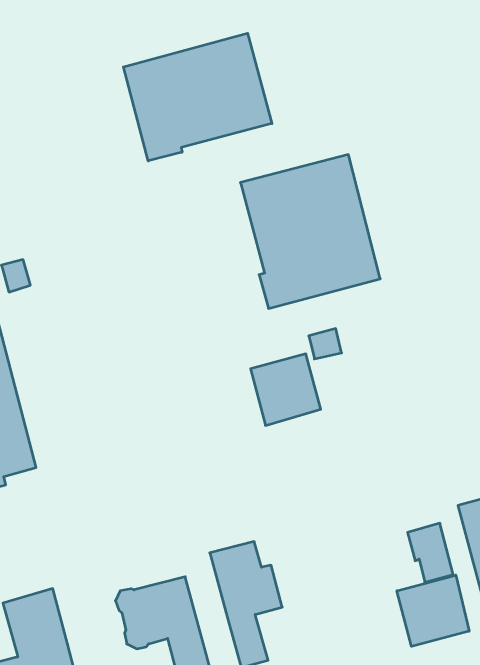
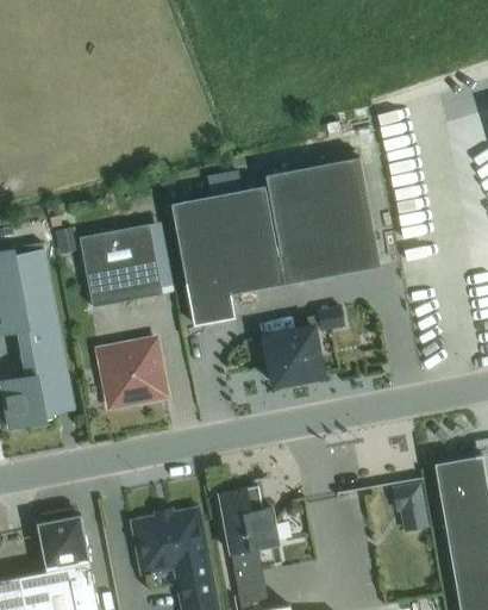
building: [123,33,272,161] -> none
building: none -> [170,186,283,325]
building: none -> [79,224,162,307]
building: none -> [98,340,165,407]
building: [397,575,469,646] -> none

